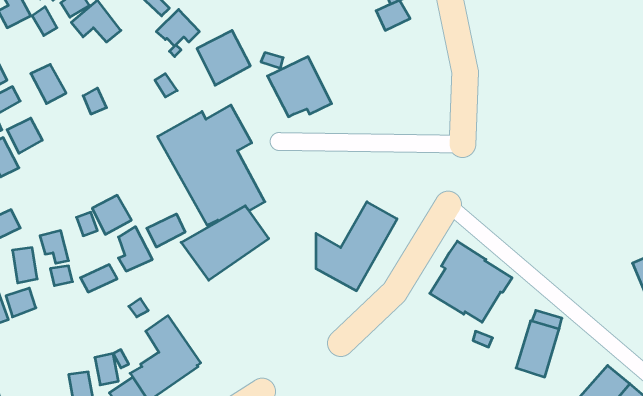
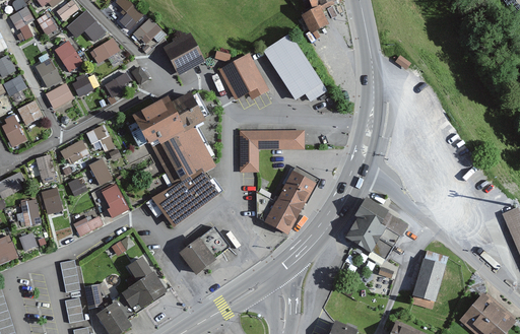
building: none -> [263,32,327,101]
building: none -> [89,40,127,67]
building: none -> [56,42,82,73]
building: none -> [106,71,132,99]
building: none -> [47,84,74,111]
building: none -> [85,124,115,152]
building: none -> [240,130,304,172]
building: none -> [62,140,89,165]
building: none -> [36,154,56,183]
building: [147,214,185,247] -> none
building: none -> [179,225,230,274]
building: none -> [59,259,80,292]

